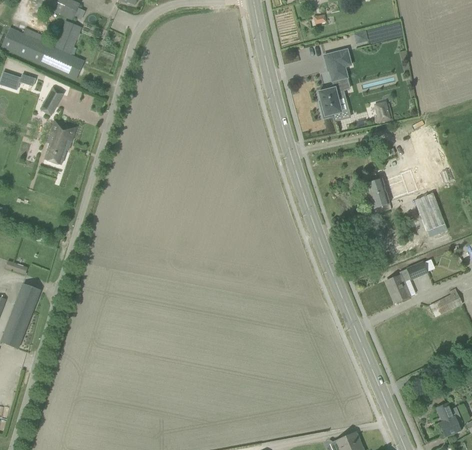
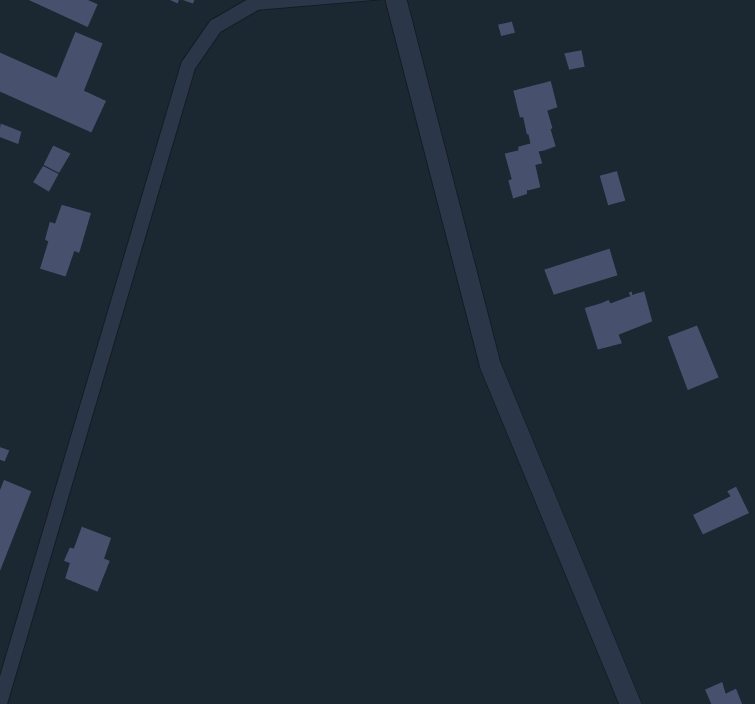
building: none -> [543,248,618,295]
building: [385,261,427,301] -> none
building: none -> [63,526,112,593]

